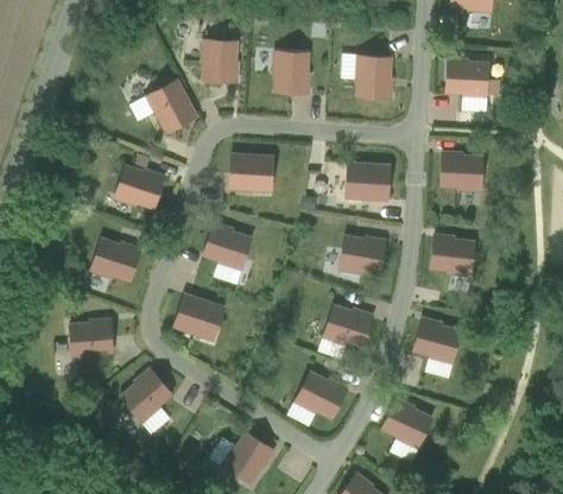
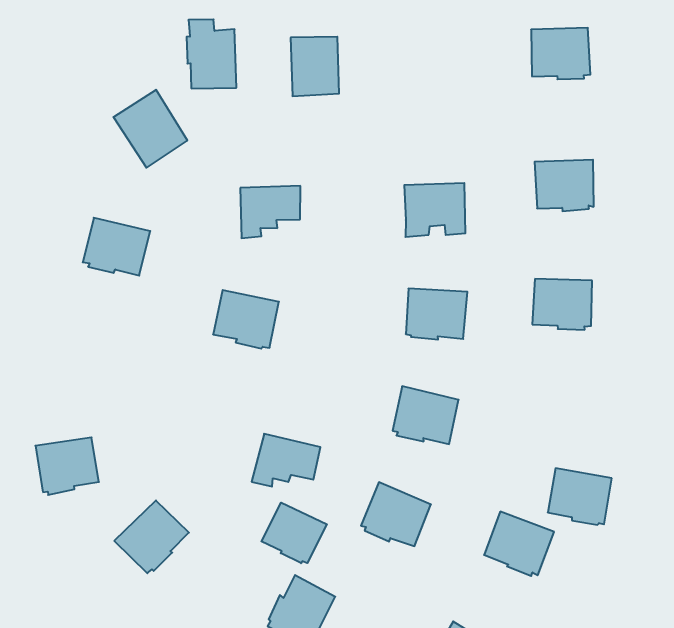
building: [355,55,392,97] -> none
building: [91,238,140,281] -> none
building: [173,293,224,331] -> [252,434,320,487]
building: [413,319,461,362] -> [548,468,612,525]
building: none -> [261,503,327,563]

